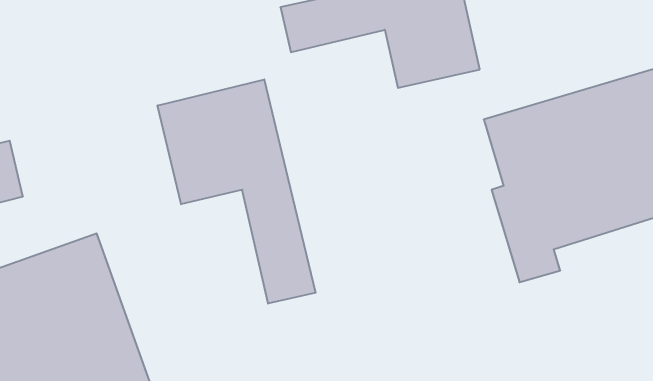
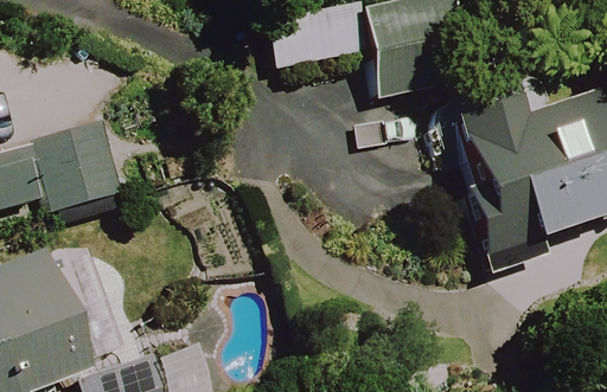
building: [158,79,316,304] -> none
building: none -> [38,121,122,201]

